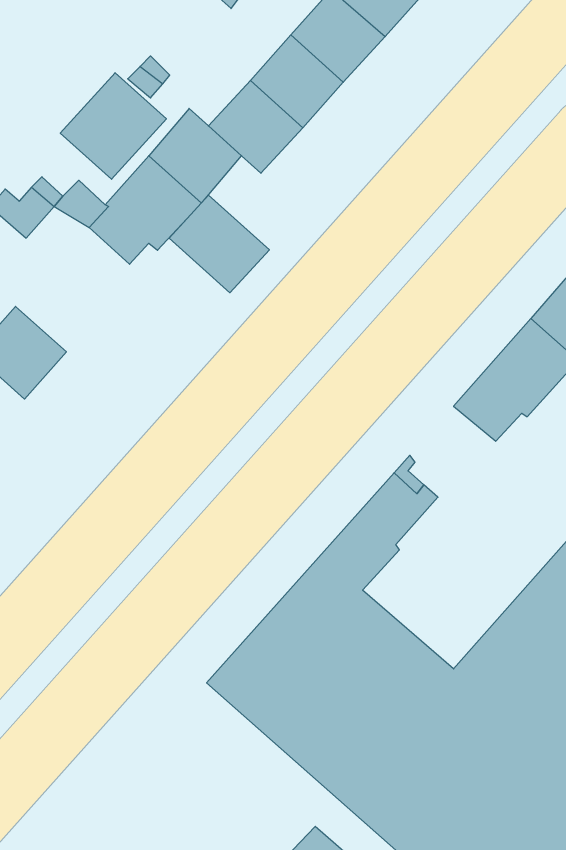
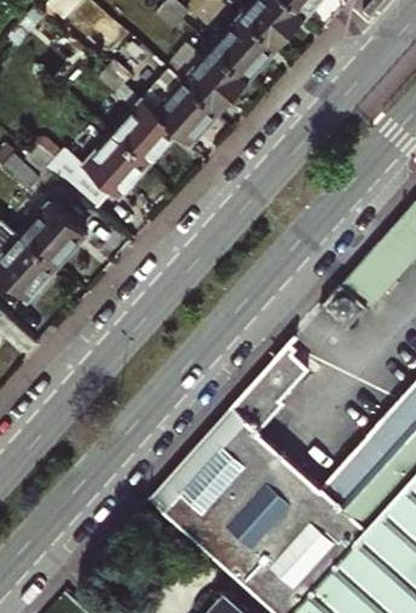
building: [60,73,166,179] -> none
building: [169,195,269,293] -> none
building: none -> [21,204,85,267]

